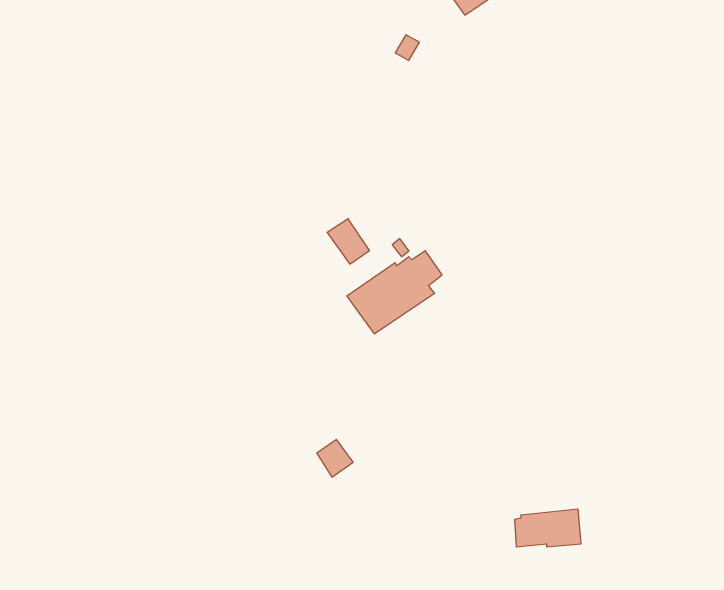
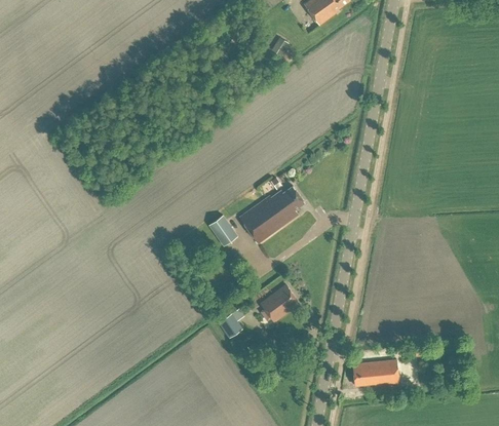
building: [327,219,369,264] -> [207,215,236,245]
building: none -> [259,283,298,321]

